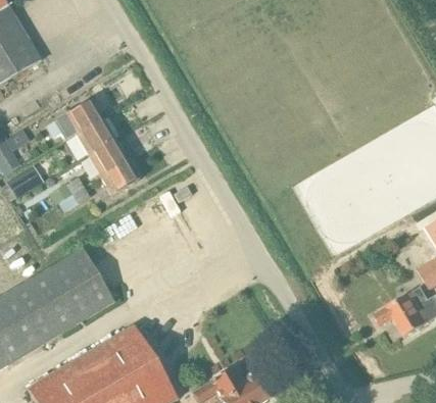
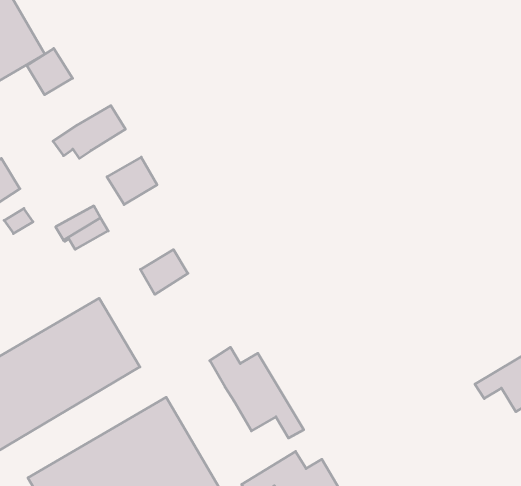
building: none -> [27,48,73,95]
building: [76,117,114,154] -> none
building: [101,160,138,195] -> [140,250,188,294]
building: none -> [210,347,304,438]

